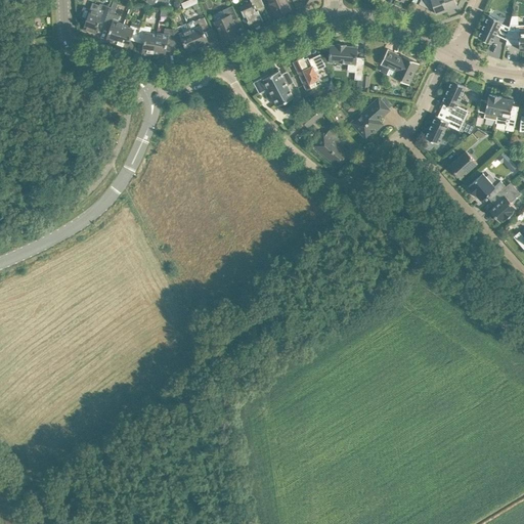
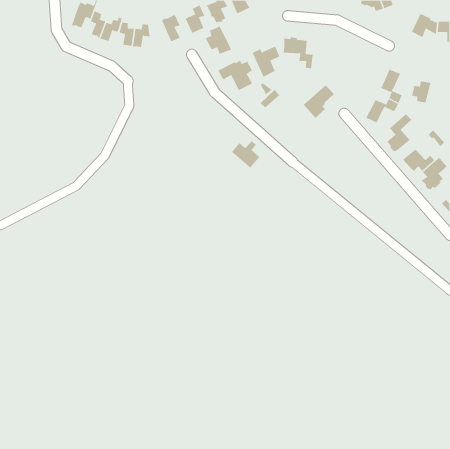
building: [173,25,199,54] -> none
building: none -> [205,26,232,54]
building: [381,50,419,85] -> none
building: [495,100,519,127] -> none
building: [314,133,348,166] -> [231,140,260,169]

